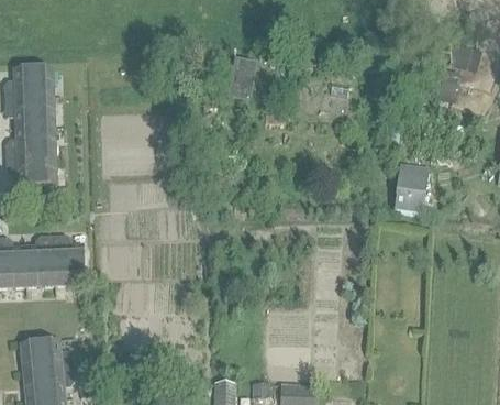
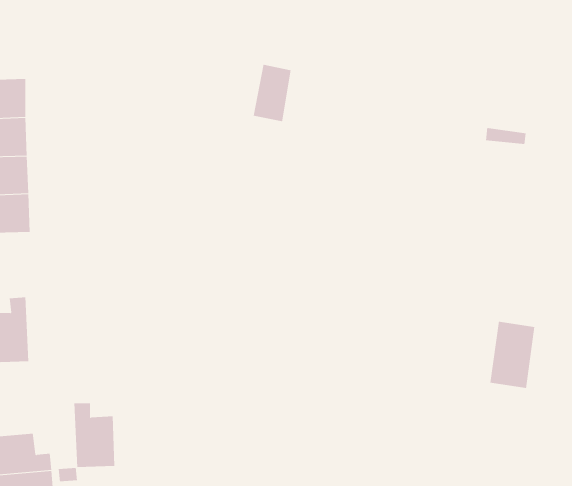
building: [393,163,429,215] -> [489,321,535,389]
building: [53,234,85,284] -> [74,403,115,468]

